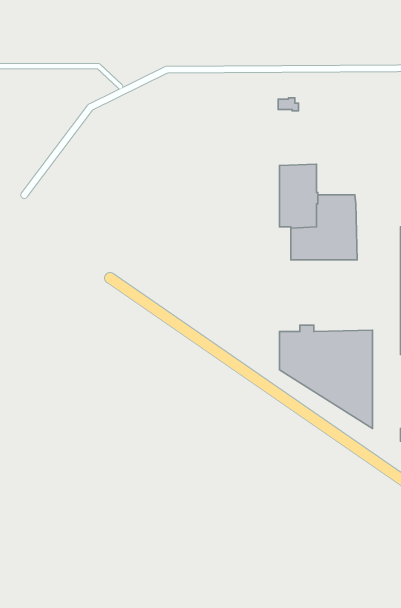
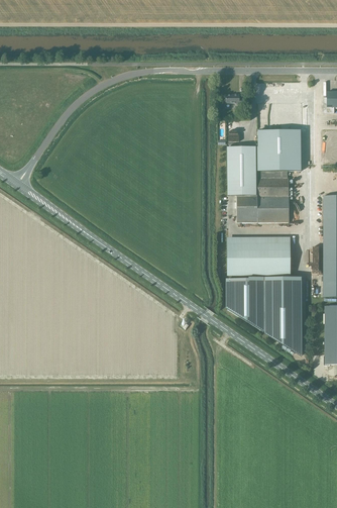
building: none -> [257,128,302,170]
building: none -> [229,242,290,273]

